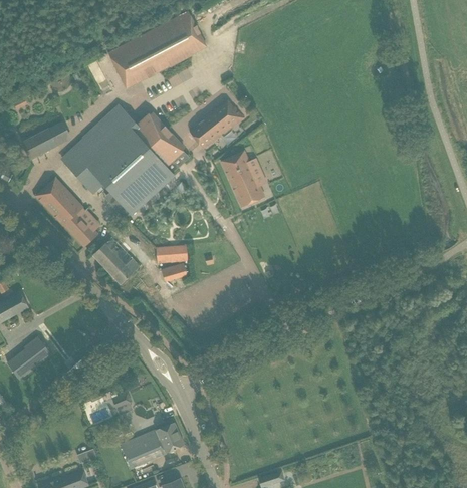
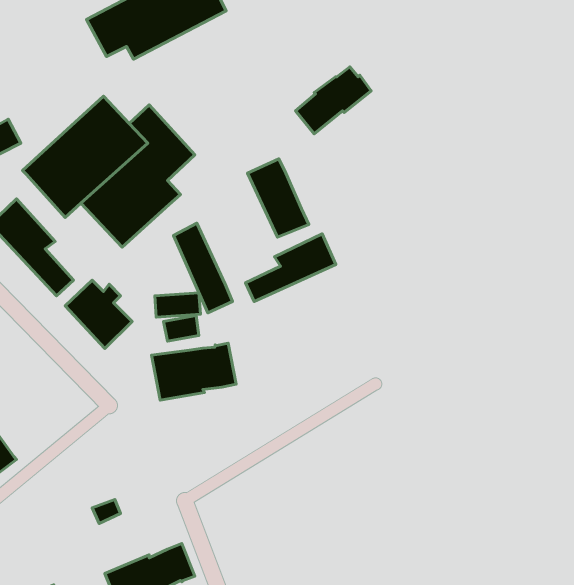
building: [189,100,242,148] -> [296,67,371,134]
building: none -> [173,223,232,313]
building: none -> [245,234,336,302]
building: none -> [152,343,236,400]

